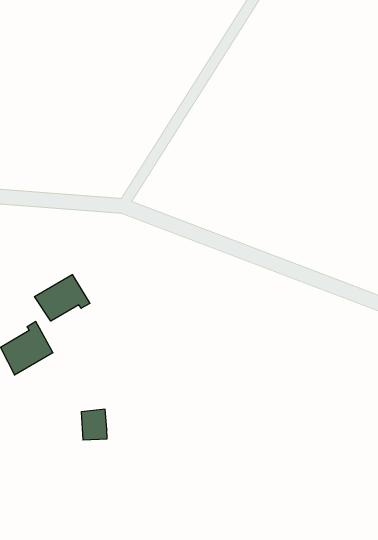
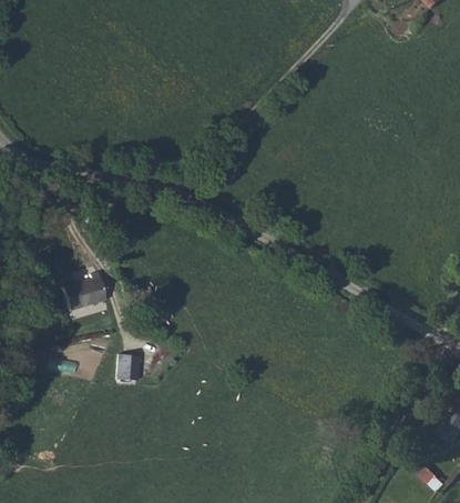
building: [35,275,90,321] -> none

